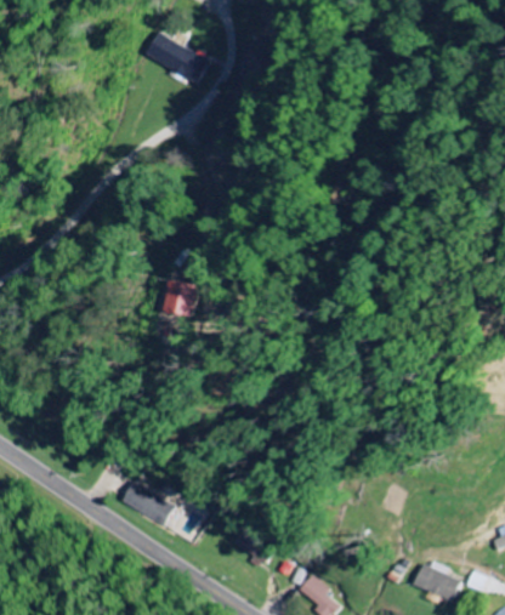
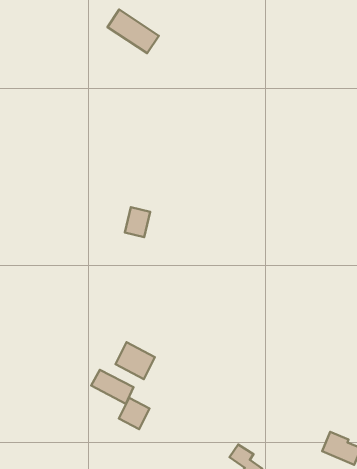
building: none -> [115,342,155,379]
building: none -> [119,398,150,429]

